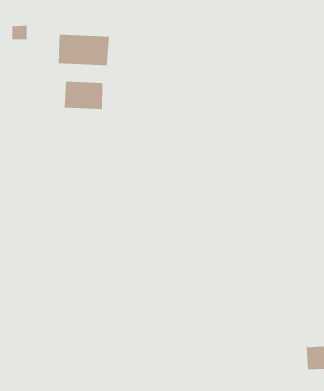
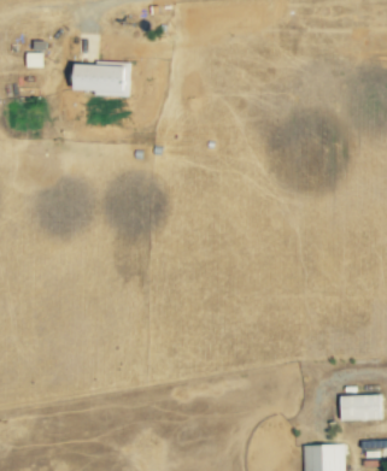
building: [64,81,103,110] -> none

